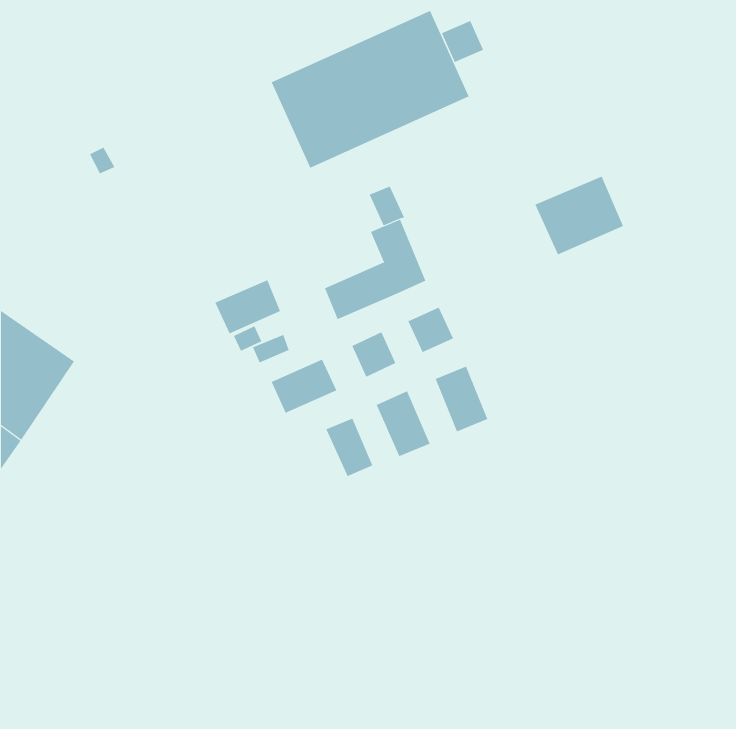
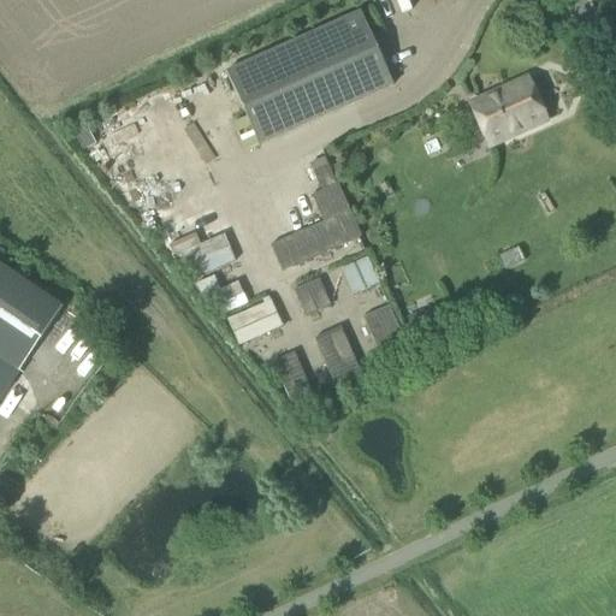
building: [441,20,484,63] -> none
building: [534,176,624,255] -> [470,76,545,142]

